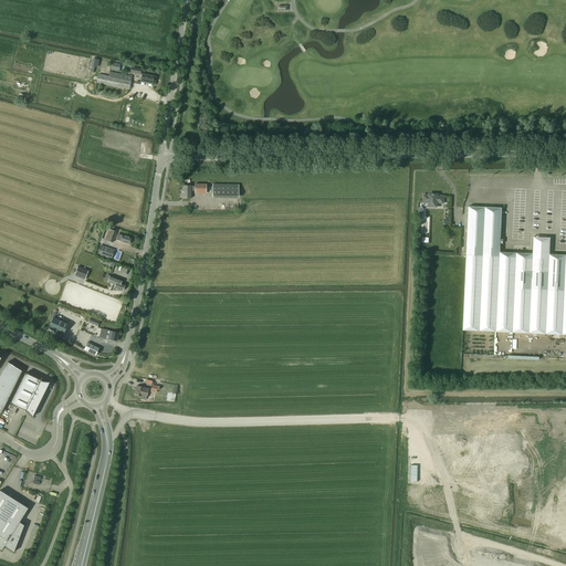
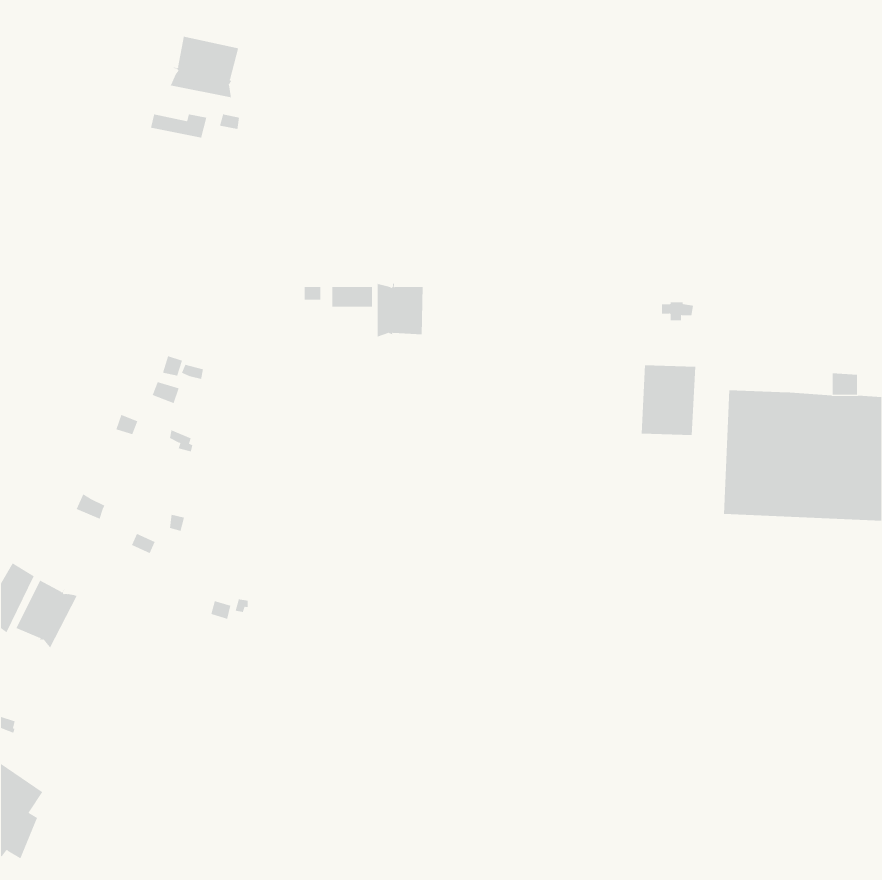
building: none -> [170,36,239,98]
building: none -> [377,282,423,338]
building: [467,206,502,251] -> [641,365,696,436]

